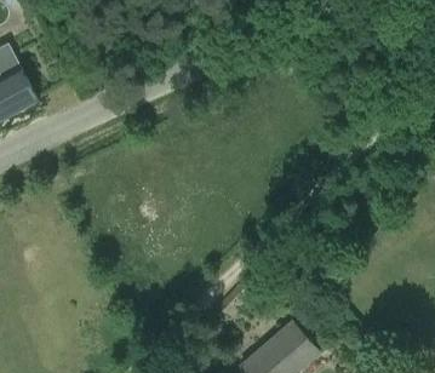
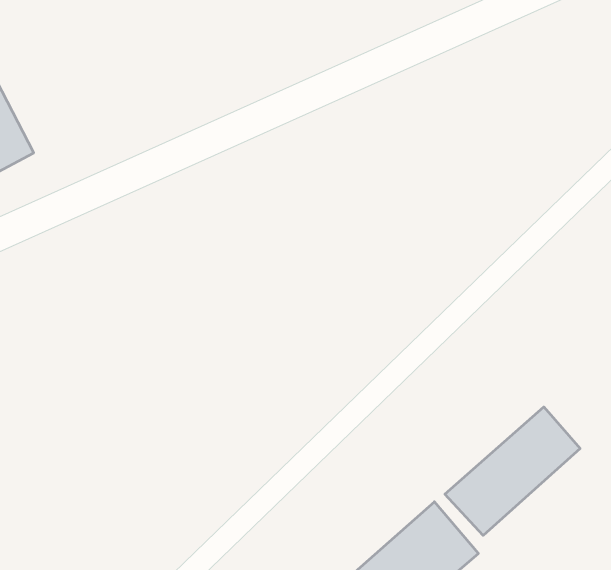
building: none -> [445,407,580,535]

